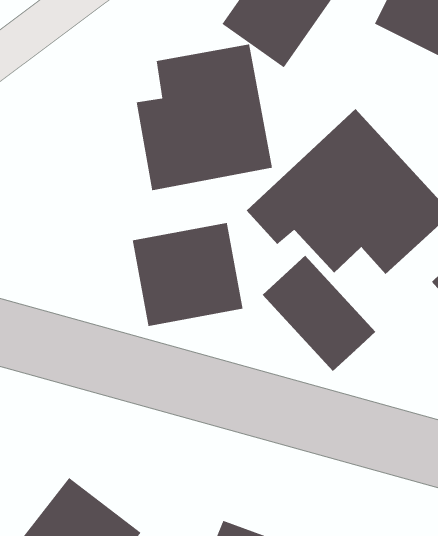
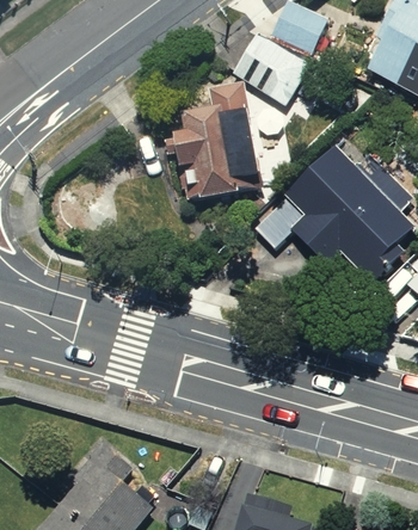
building: [132,222,243,327] -> none
building: [262,255,376,372] -> none

